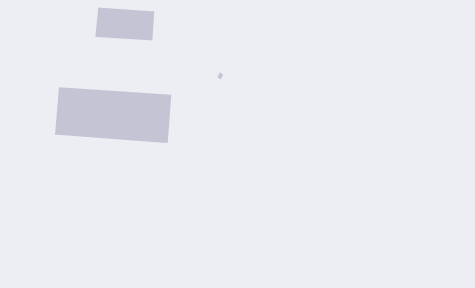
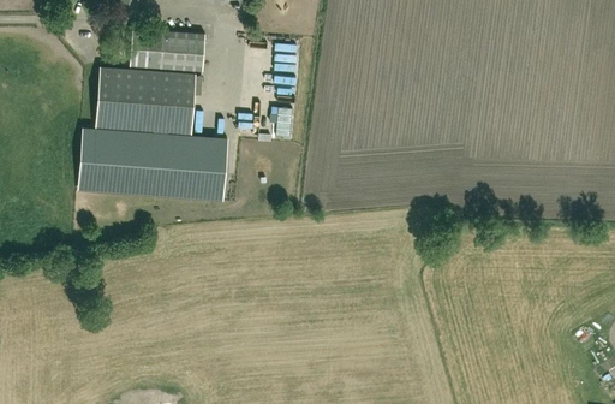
building: none -> [95,67,195,133]

